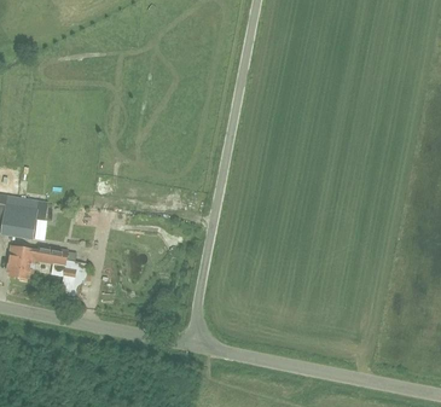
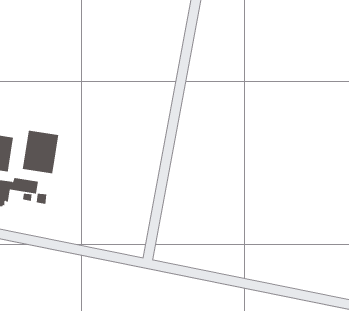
building: none -> [22,130,59,174]

